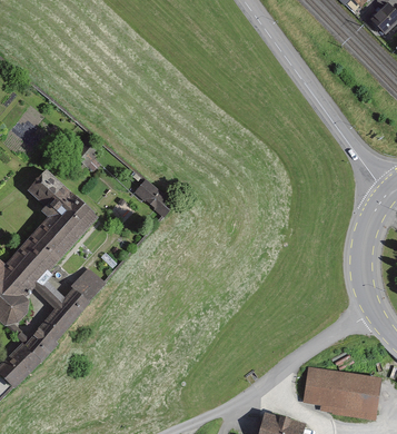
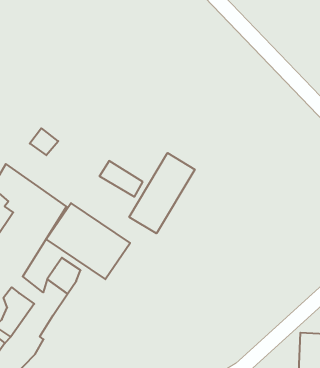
building: none -> [129,153,195,233]
building: none -> [46,203,130,279]

